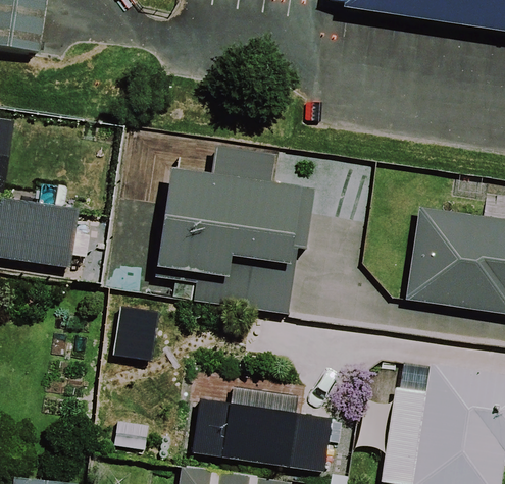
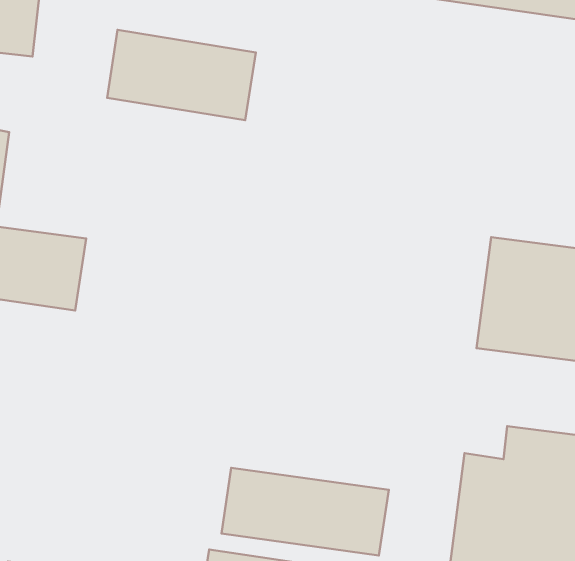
building: none -> [107,30,256,120]
building: [158,144,315,313] -> none

